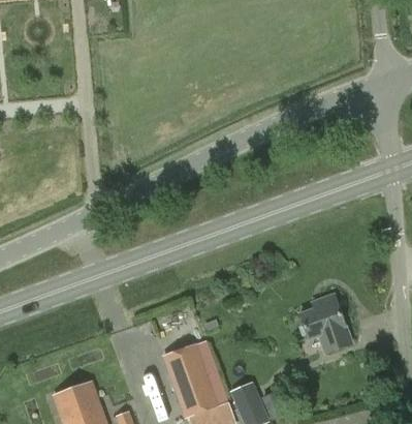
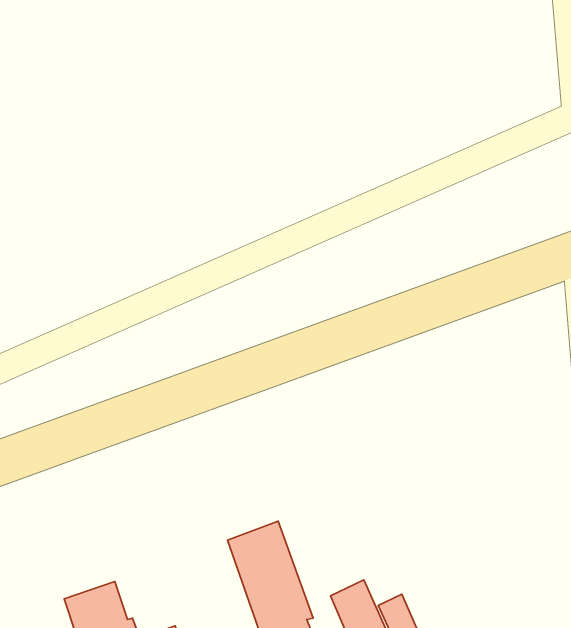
building: [299,295,352,350] -> none

